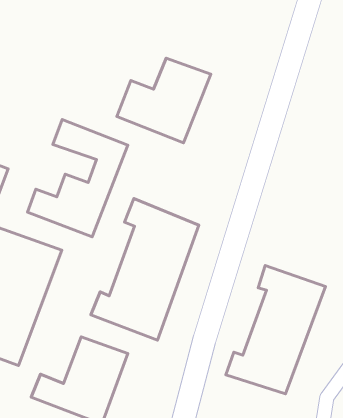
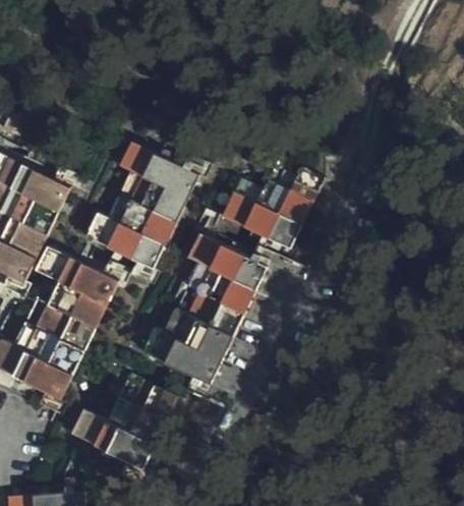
building: [117,58,211,143] -> [221,159,325,250]
building: [226,266,325,394] -> none

